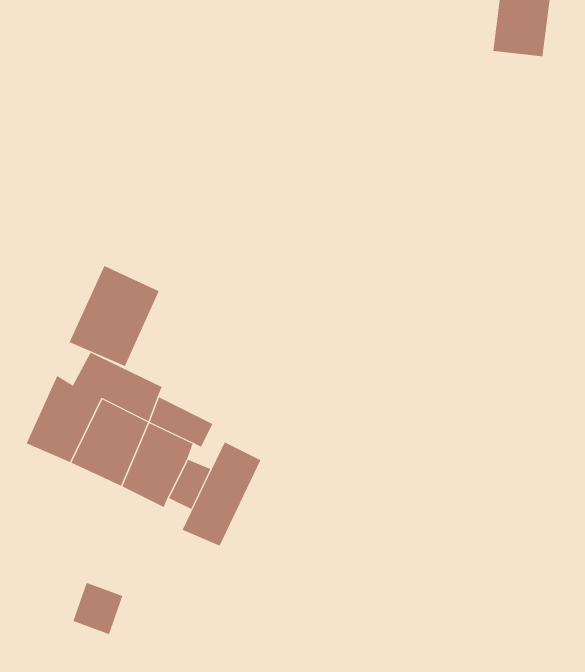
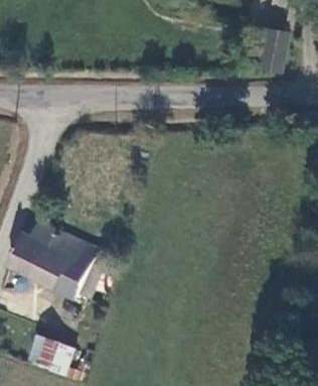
building: [69,265,160,367] -> none
building: [182,441,261,547] -> none

